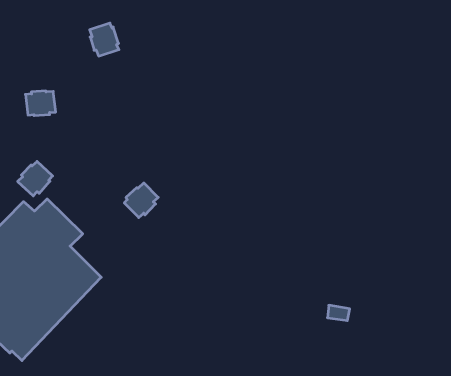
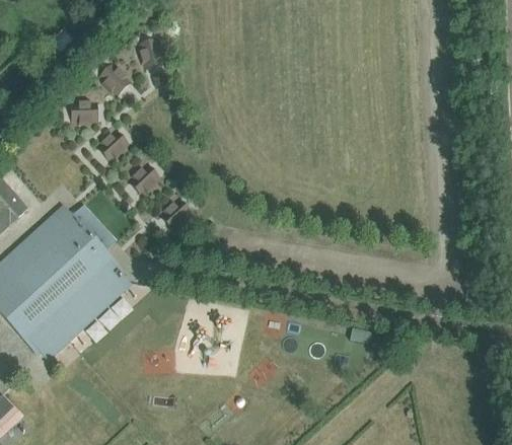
building: none -> [97,62,131,95]
building: none -> [127,162,160,196]
building: [18,161,53,196] -> [95,128,130,161]

